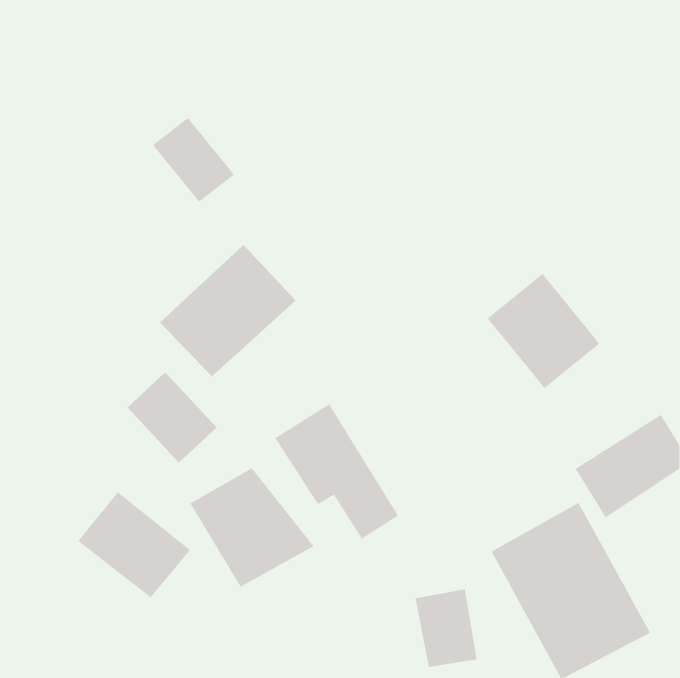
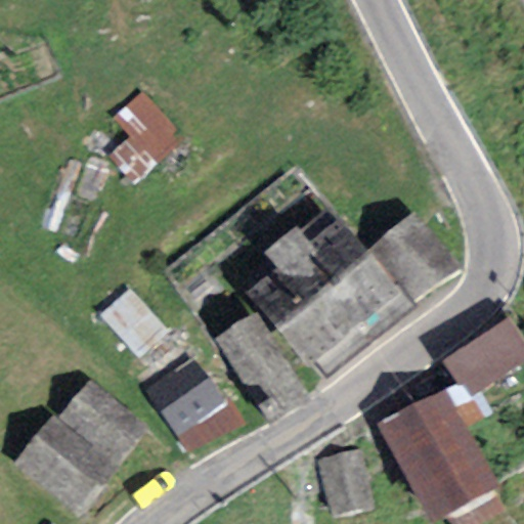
building: [159,244,296,377] -> none
building: none -> [250,219,408,378]
building: none -> [14,409,116,508]

